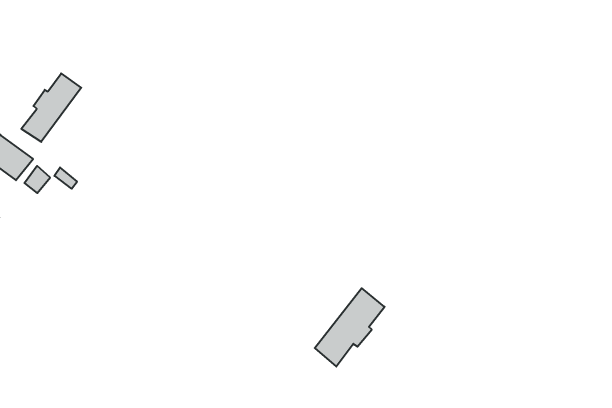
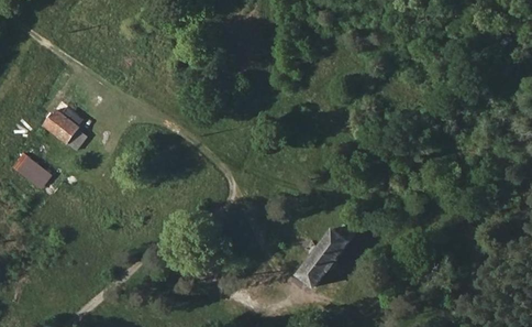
building: [21,73,81,142] -> none

